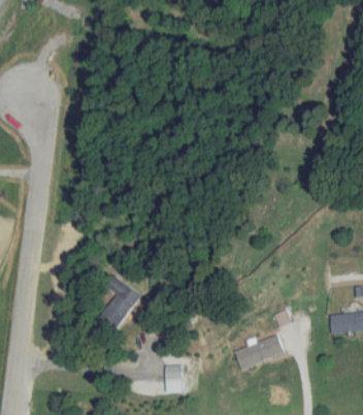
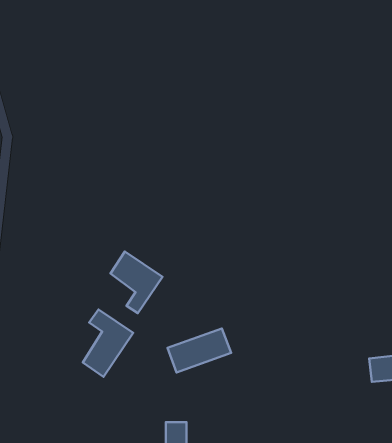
building: none -> [110,252,162,313]
building: [233,334,284,370] -> [167,328,231,372]

